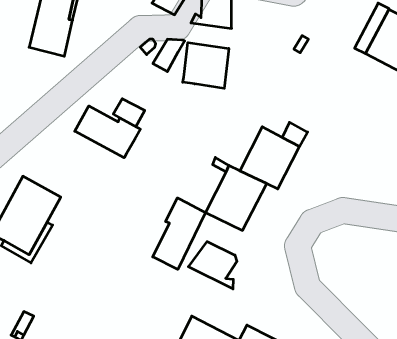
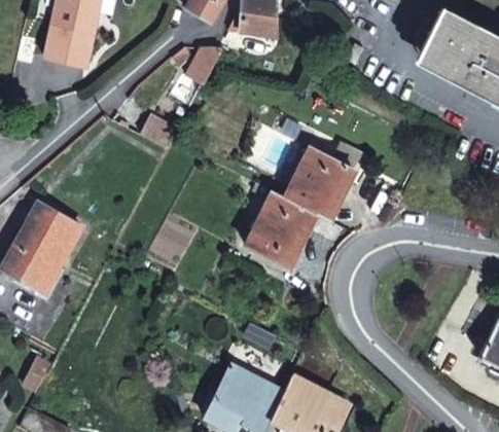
building: [183,43,229,88] -> none
building: [75,106,140,158] -> none
building: [153,198,206,269] -> none
building: [188,242,237,289] -> none

